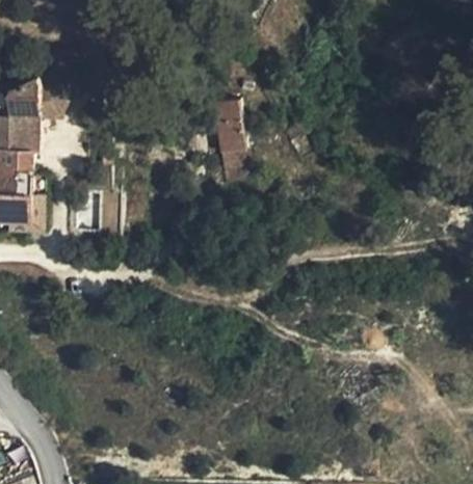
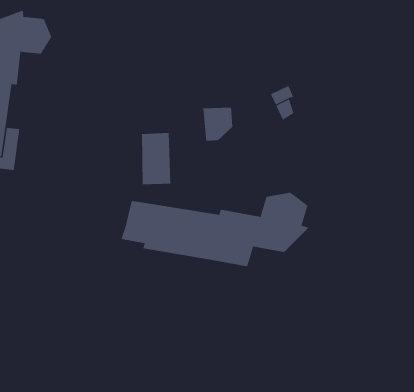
building: [212,98,246,151] -> [141,133,171,185]
building: none -> [121,192,309,267]

